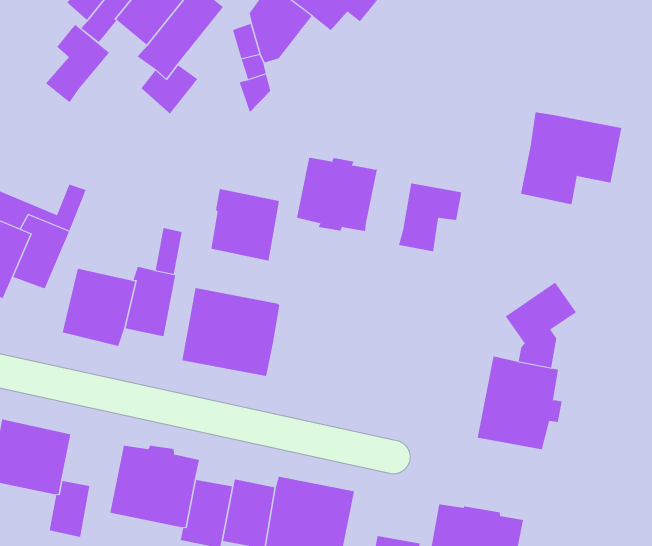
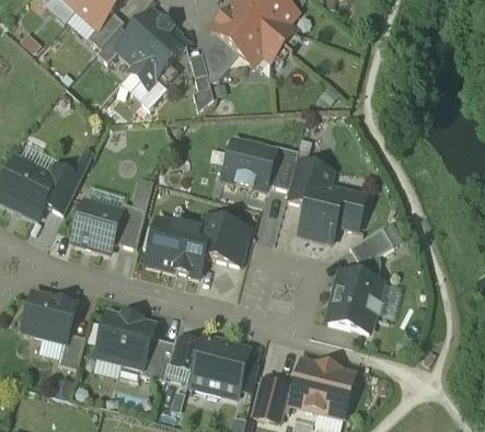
building: [45,24,110,103] -> none
building: [520,112,622,205] -> [299,183,365,242]
building: none -> [266,144,297,188]
building: [210,188,280,261] -> [204,217,249,264]

